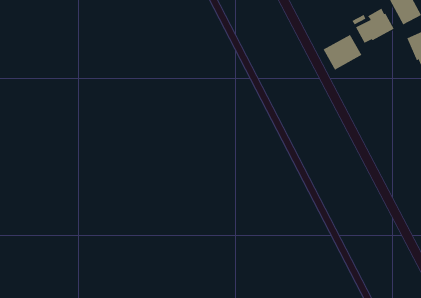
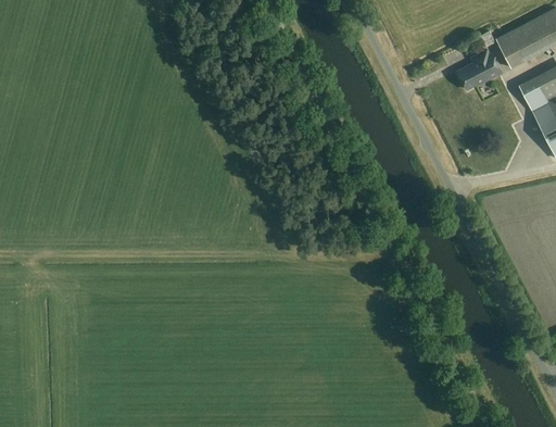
building: [323,34,362,71] -> none

